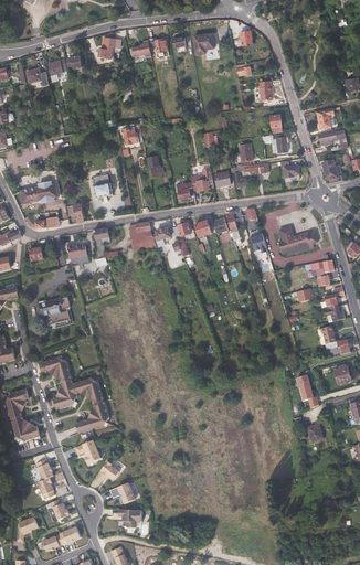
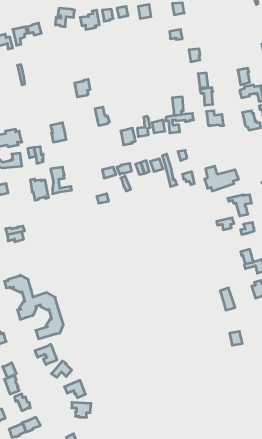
building: [128,222,157,252] -> none

